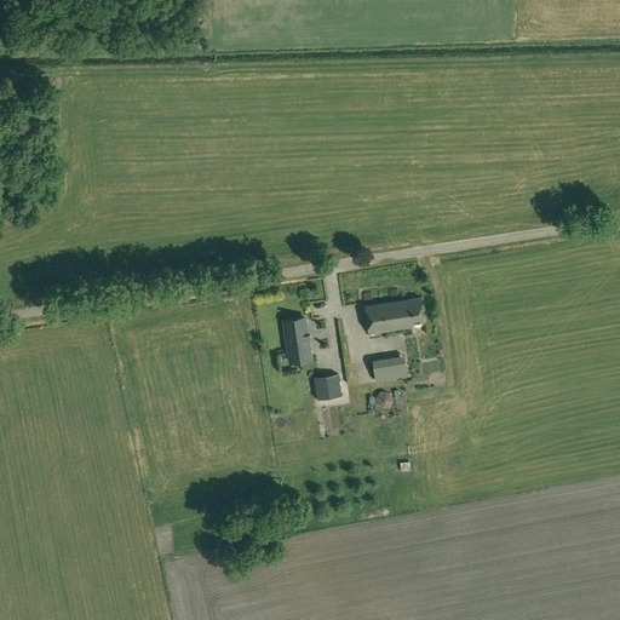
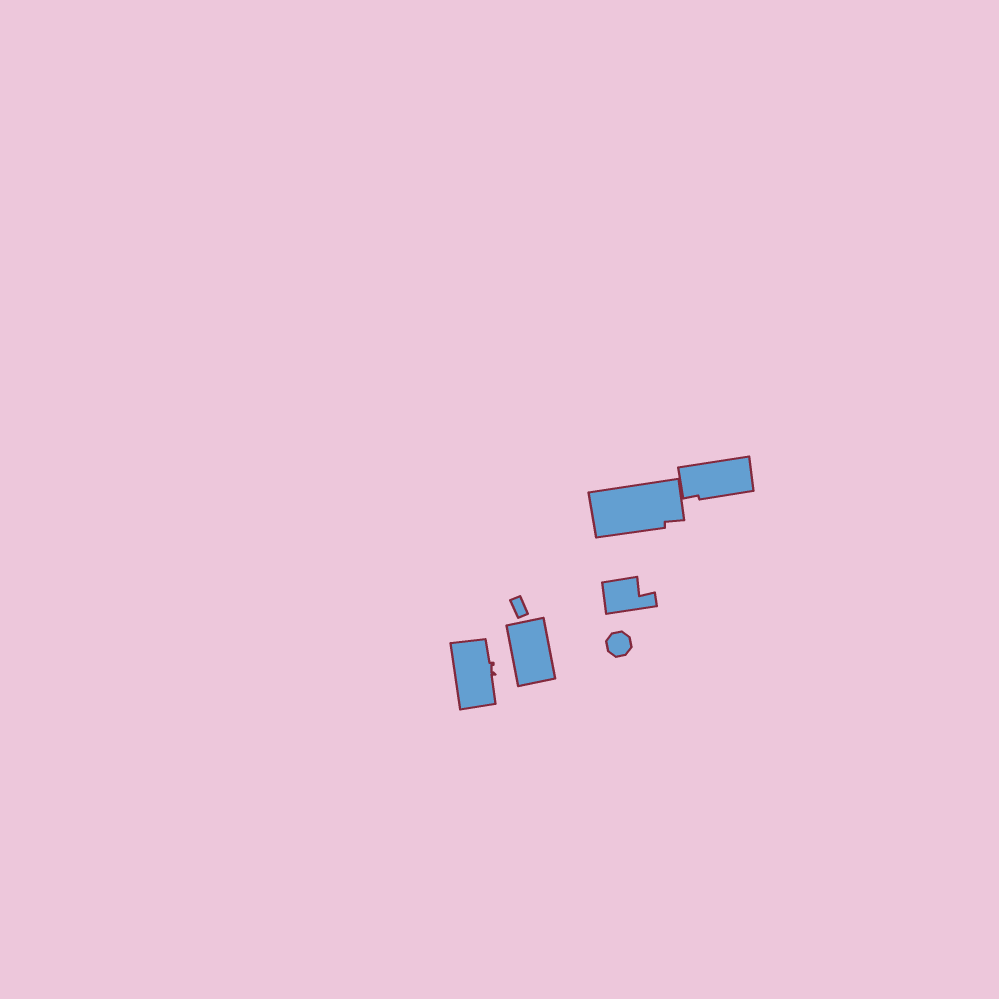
building: none -> [678,457,754,500]
building: [283,318,311,362] -> [450,639,495,710]

